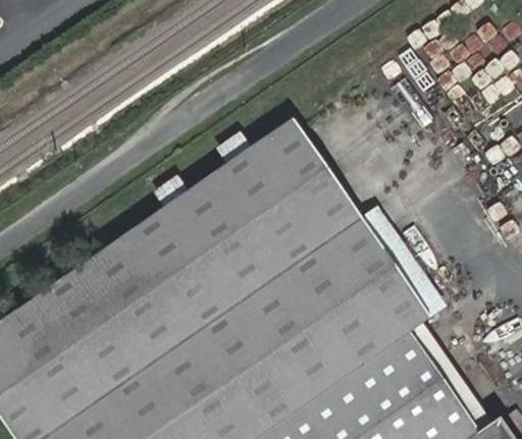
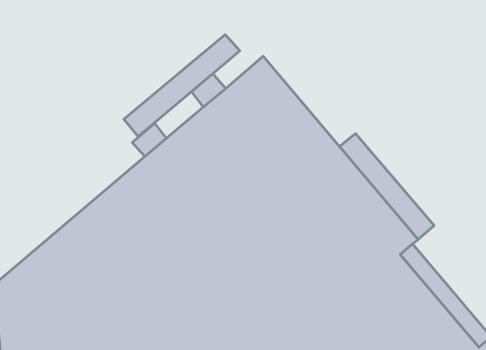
building: none -> [124,35,240,137]

